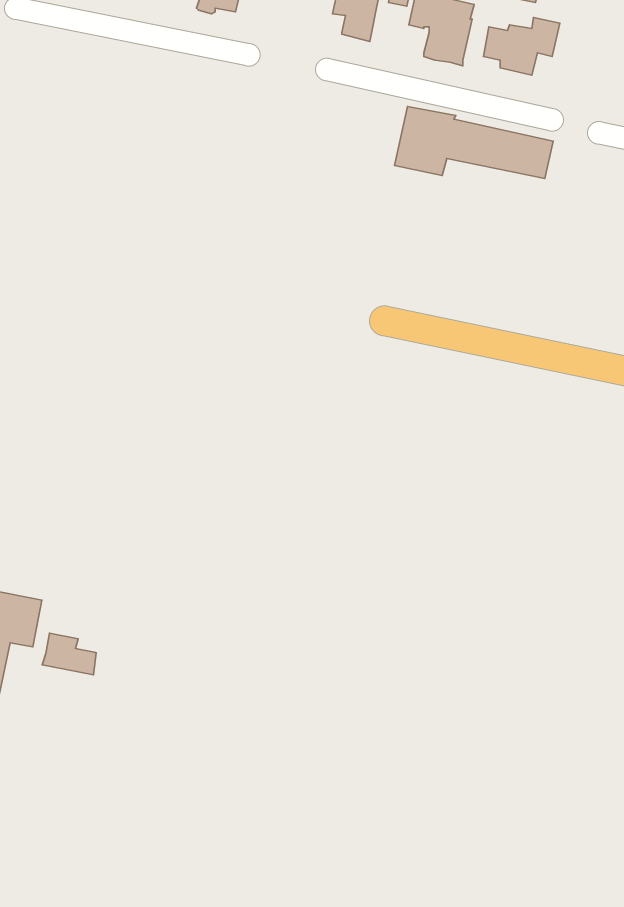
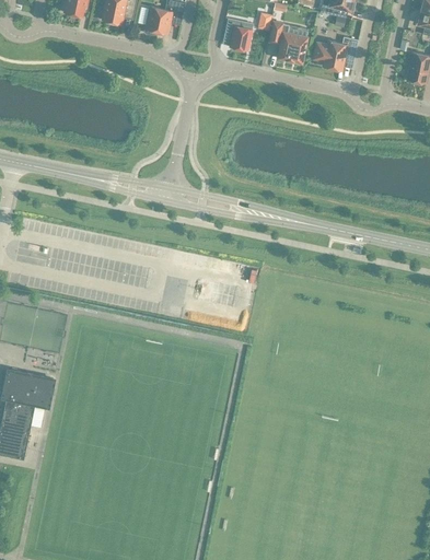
building: [394,106,553,178] -> none
building: [42,633,96,675] -> none

